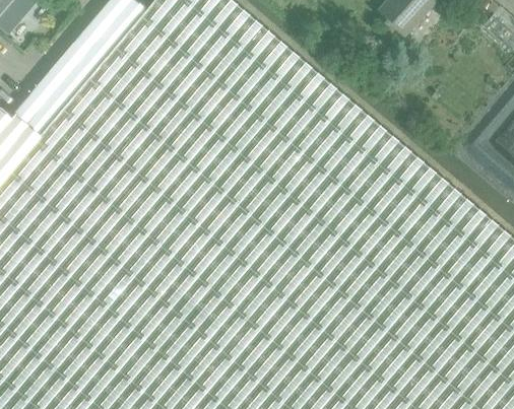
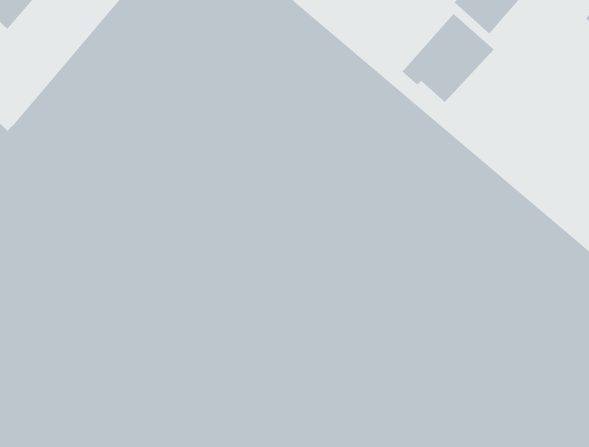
building: none -> [401,13,494,103]

